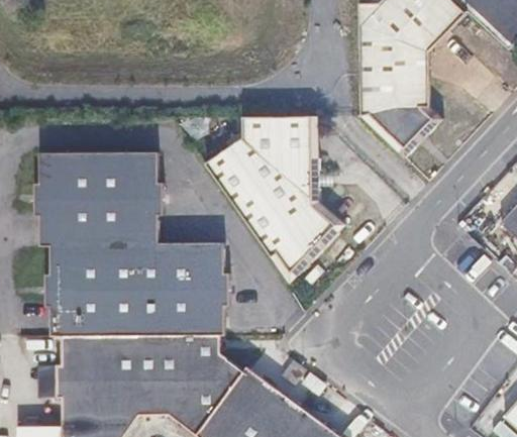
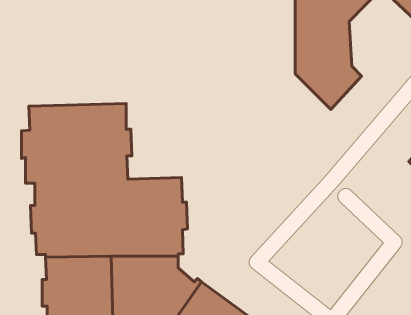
building: [203,114,343,285] -> none

